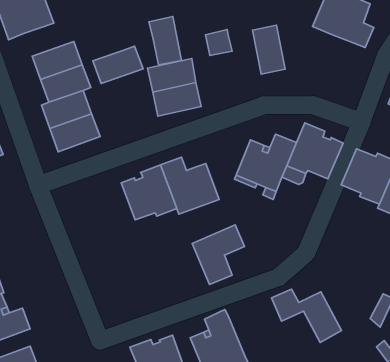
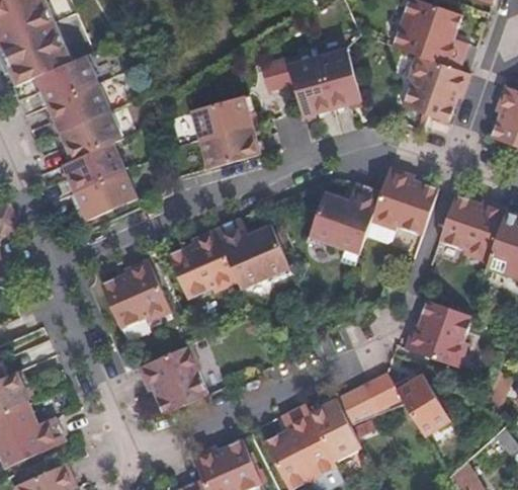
building: [149,17,182,65] -> [288,57,332,117]
building: none -> [402,56,470,124]
building: [93,46,143,84] -> [35,57,98,105]
building: none -> [100,259,171,329]
building: [192,225,245,285] -> [310,386,374,462]
building: none -> [405,300,472,369]
building: none -> [138,344,207,415]

